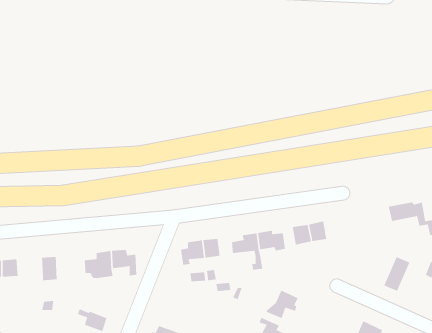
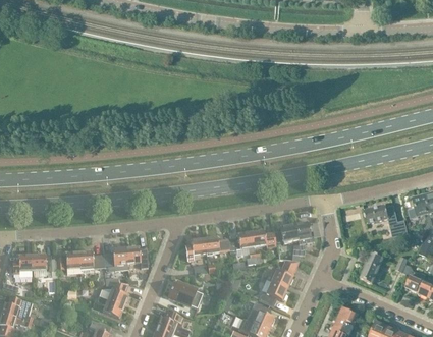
building: none -> [78,250,103,272]
building: none -> [266,260,299,287]
building: none -> [168,280,203,307]
building: none -> [99,283,127,304]

